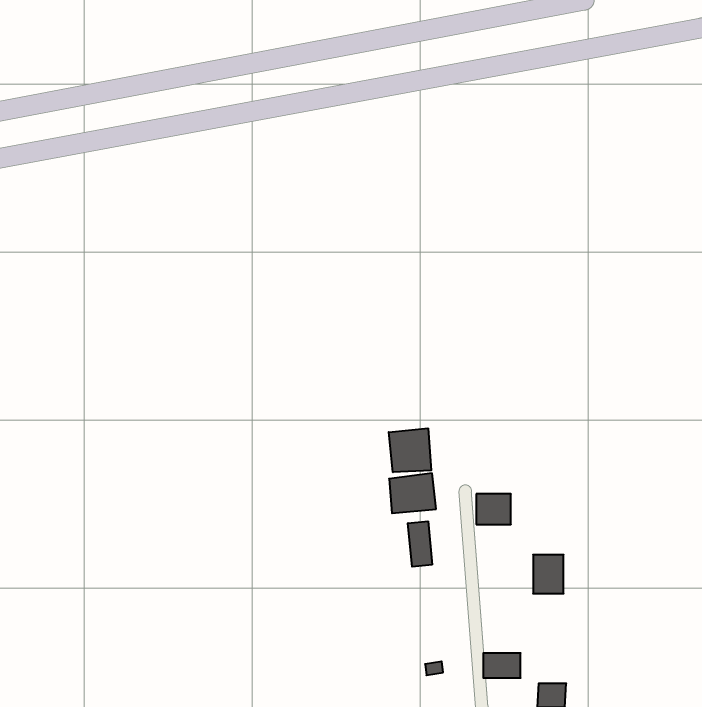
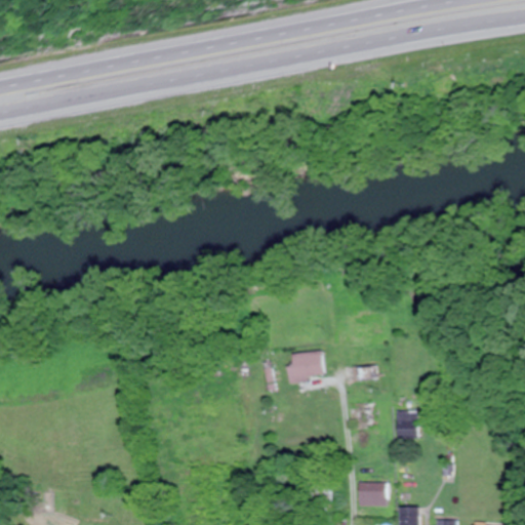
building: [389,428,431,472] -> none
building: [408,521,432,567] -> none

